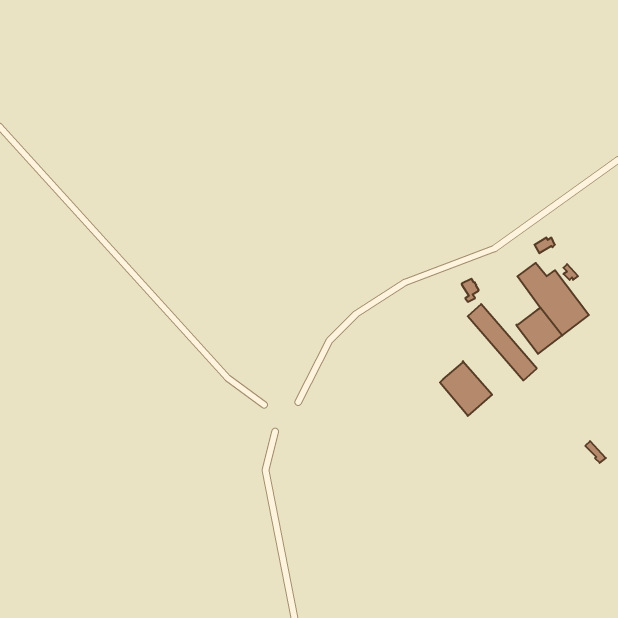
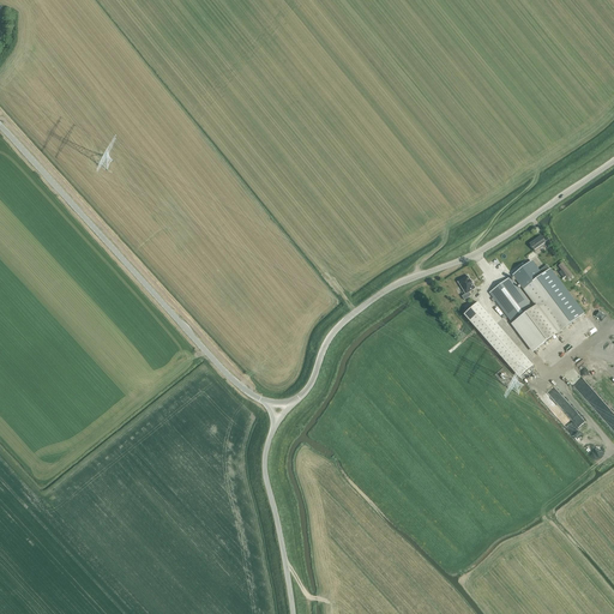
building: none -> [488,277,531,321]
building: [440,361,492,416] -> none

